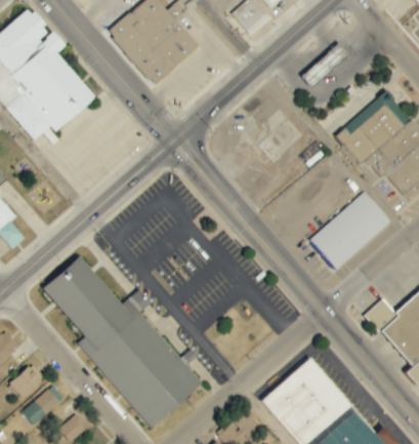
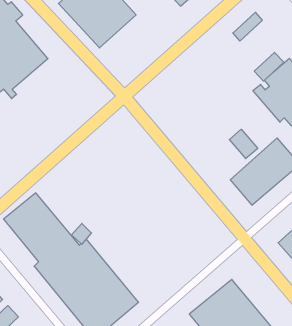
building: none -> [254,52,284,81]
building: none -> [229,129,258,159]

